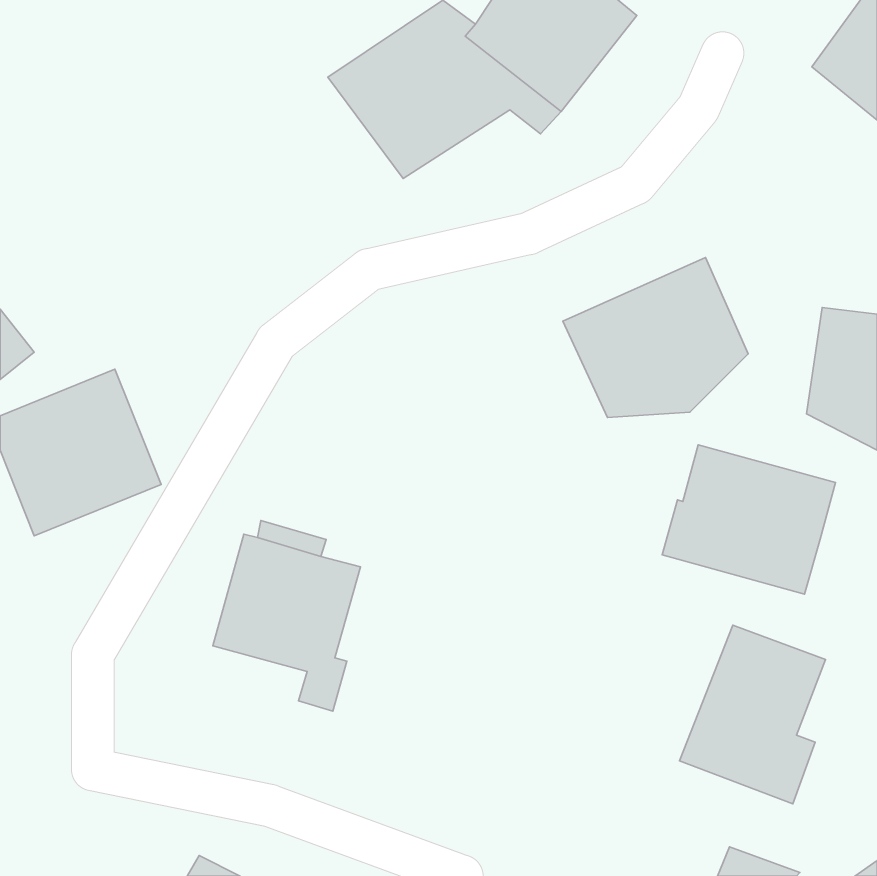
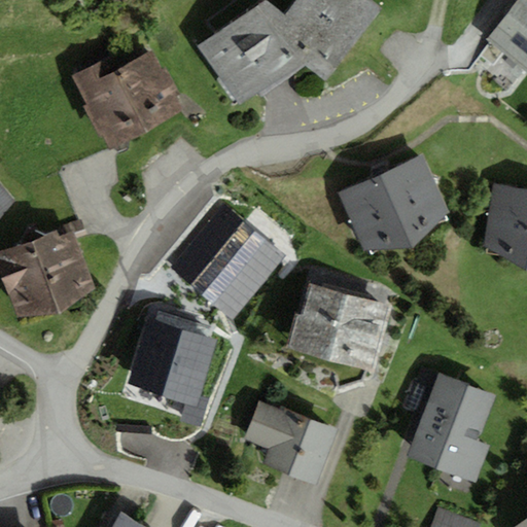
building: none -> [73,51,185,149]
building: none -> [190,218,284,319]
building: [662,445,835,594] -> [288,281,392,371]
building: none -> [243,401,338,483]

